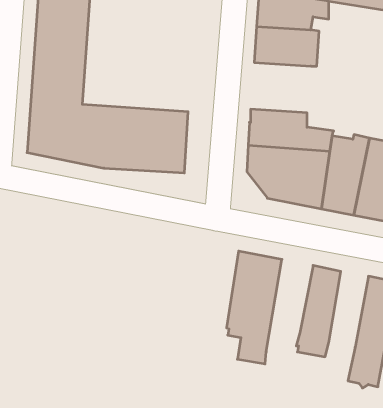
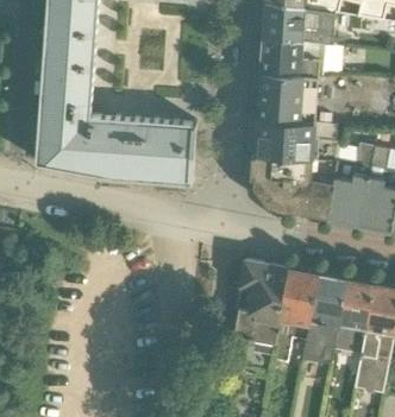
building: none -> [257,74,316,124]
building: none -> [272,268,319,362]
building: none -> [334,280,374,355]

